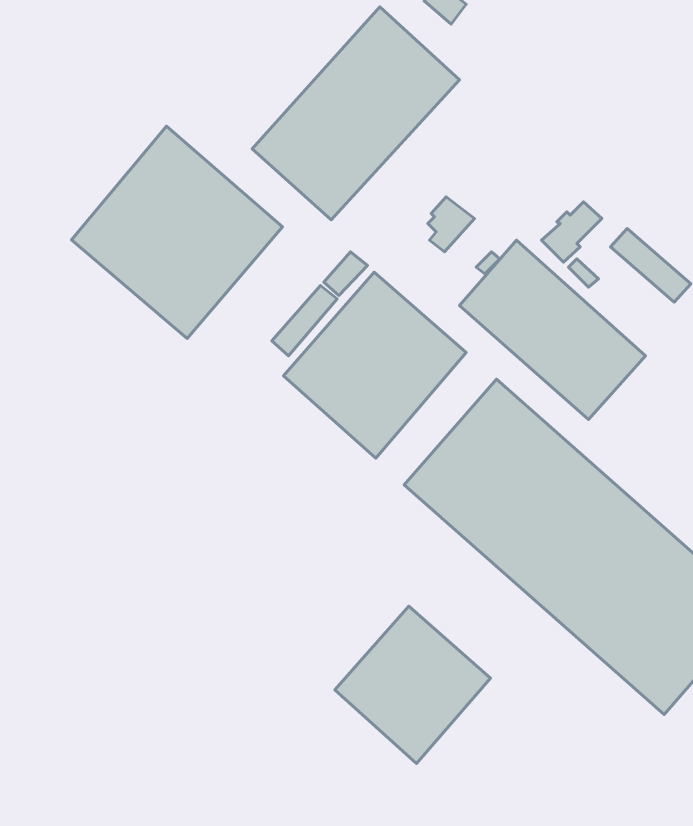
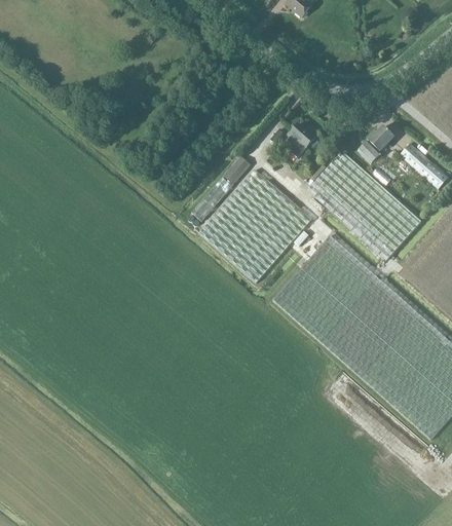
building: [252,7,459,220] -> none
building: [72,126,282,338] -> none
building: [335,606,491,764] -> none

